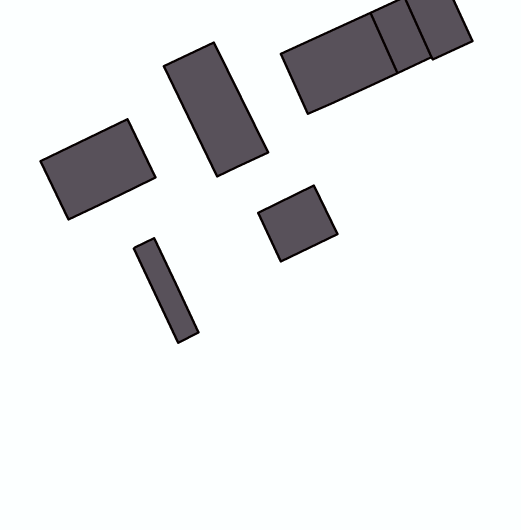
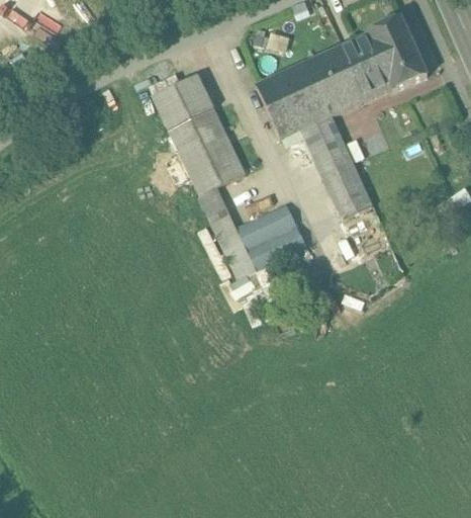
building: none -> [300,114,372,219]
building: [40,119,156,219] -> none
building: [134,238,198,343] -> [198,185,256,278]

